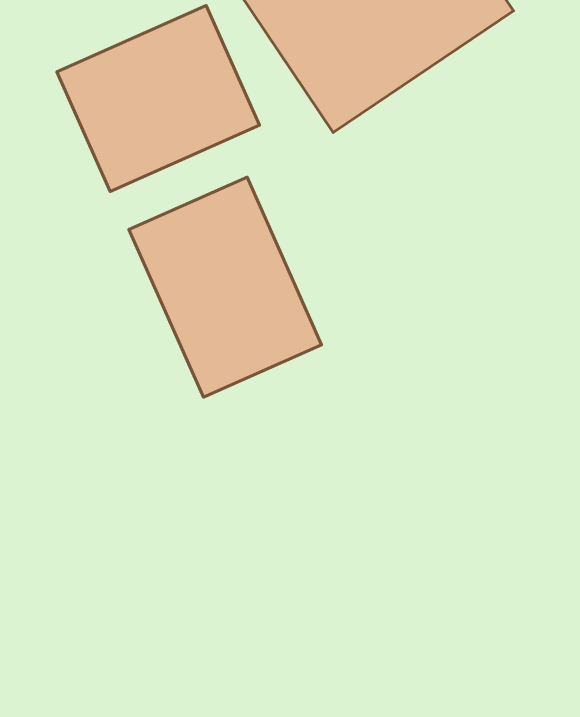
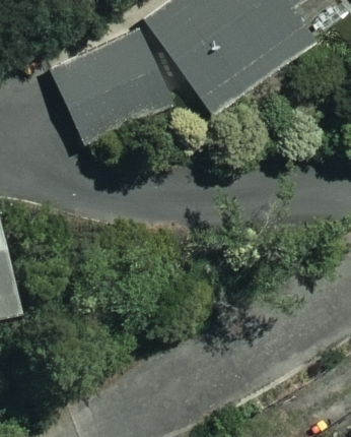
building: [129,177,321,397] -> none

